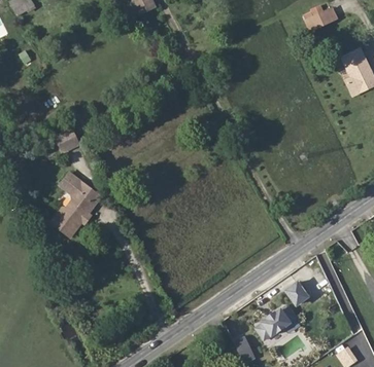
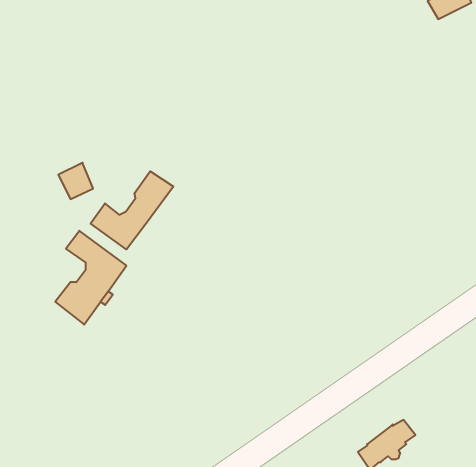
building: none -> [91,171,173,249]
building: [285,279,310,305] -> none

